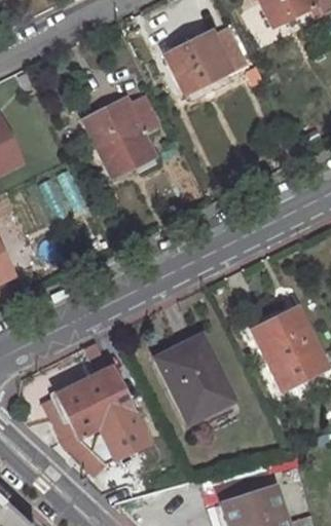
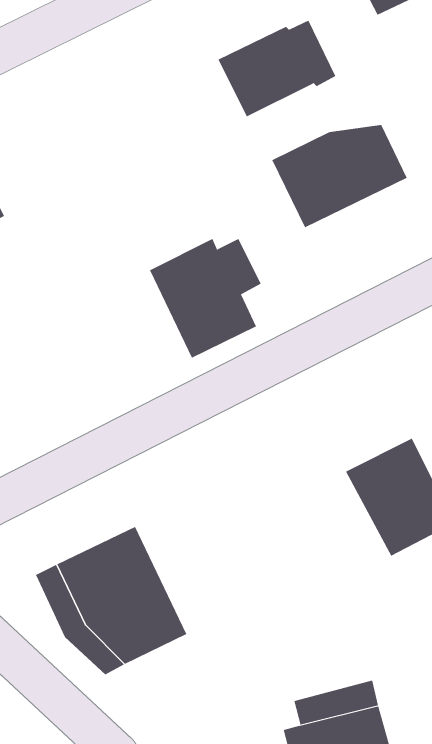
building: [85,96,161,177] -> [149,238,262,358]
building: none -> [272,124,407,228]
building: [159,332,235,419] -> none

